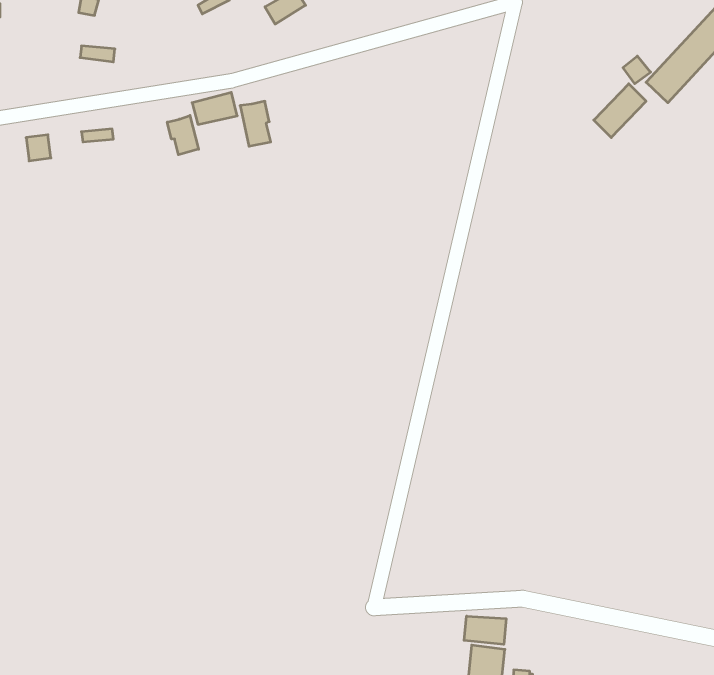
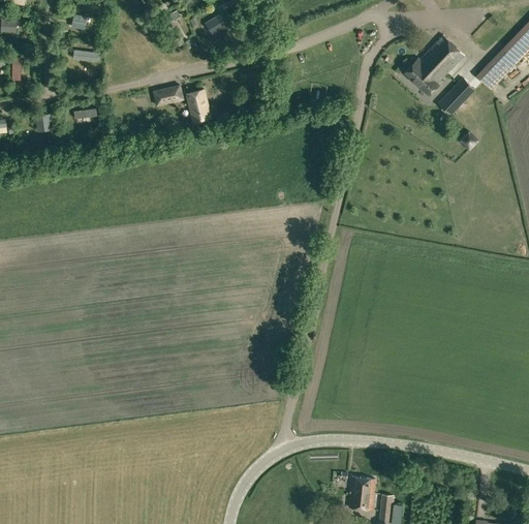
building: none -> [405,35,464,95]
building: [167,115,199,155] -> none
building: [464,616,506,644] -> none

